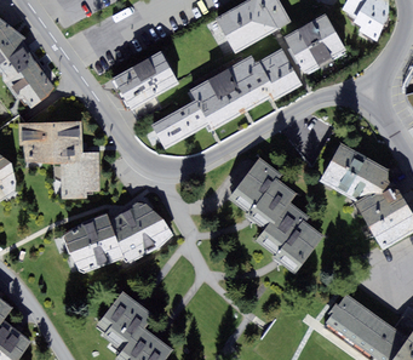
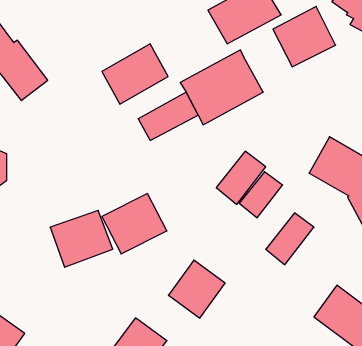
building: [254,48,303,102] -> none
building: [21,120,97,195] -> none
building: [259,202,305,252] -> none
building: [96,288,153,347] -> [168,260,225,318]

